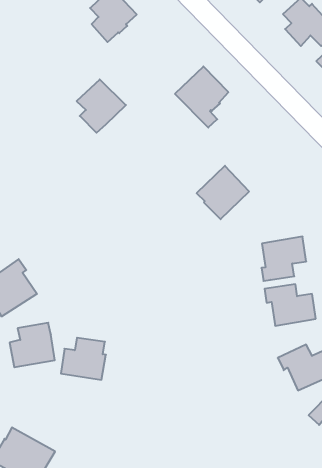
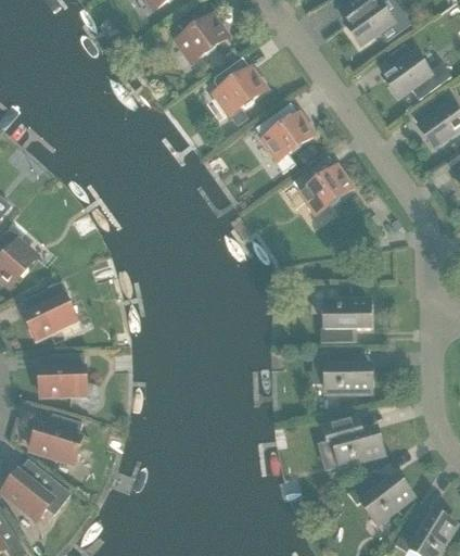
building: [77,79,126,133] -> [214,60,266,116]
building: [197,166,249,219] -> [295,157,352,214]
building: [61,338,106,380] -> [31,415,84,464]

